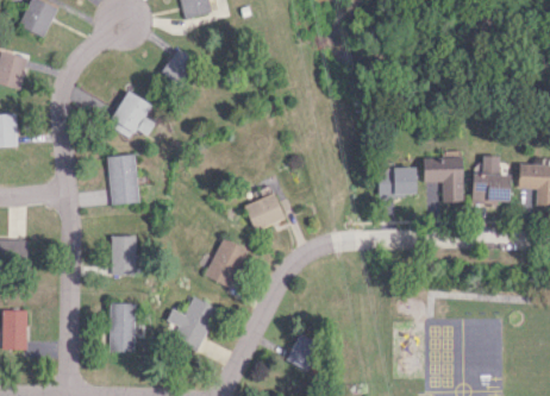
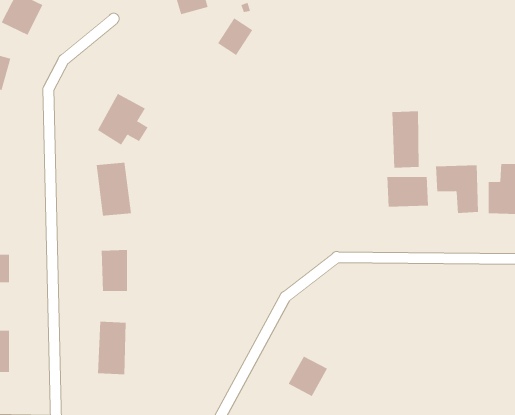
building: [162,49,195,84] -> [217,17,253,56]
building: none -> [392,111,419,168]
building: [245,193,285,231] -> none
building: [205,238,249,289] -> none
building: [162,296,218,348] -> none

